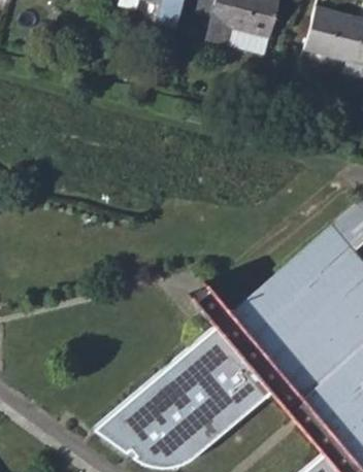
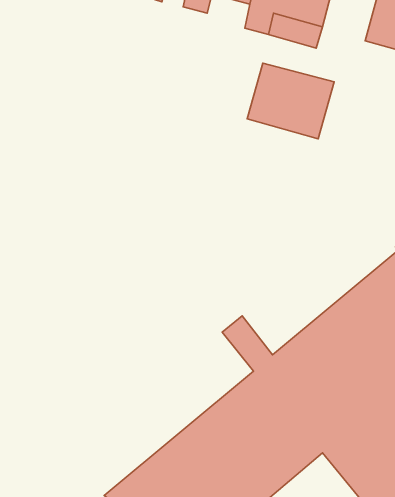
building: none -> [247,63,334,139]

